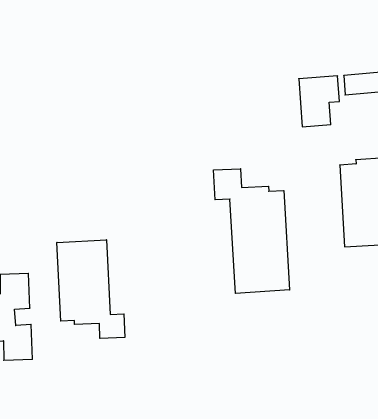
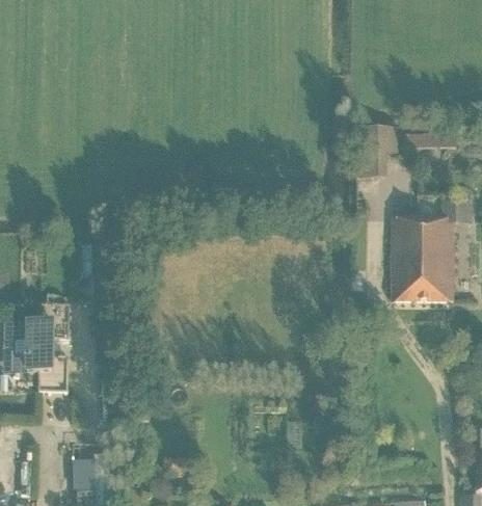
building: [214,169,290,293] -> none
building: [57,240,125,338] -> none

